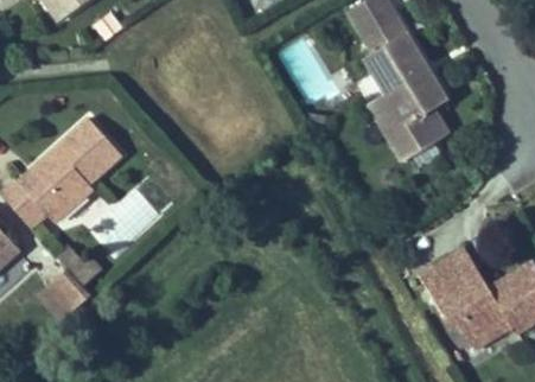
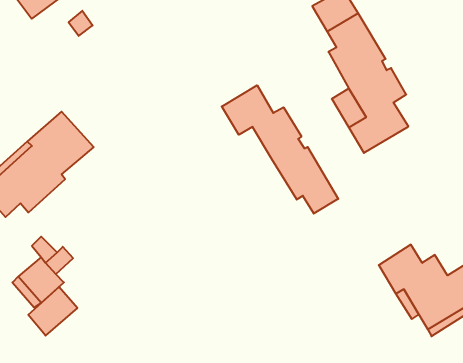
building: none -> [222,85,338,214]
building: none -> [28,287,77,336]

